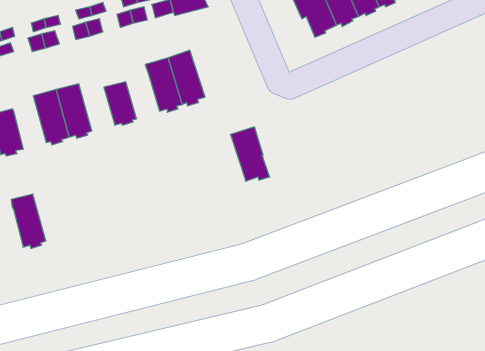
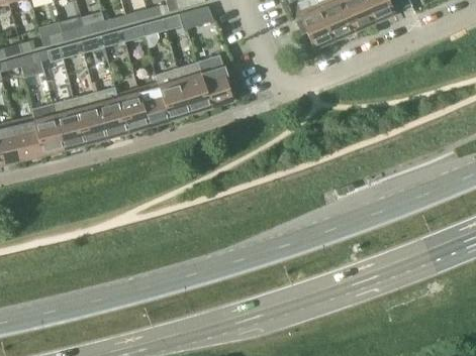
building: none -> [137,83,169,125]
building: none -> [94,86,127,137]
building: [230,127,270,181] -> [197,53,233,104]
building: [11,194,46,248] -> [31,103,64,153]

